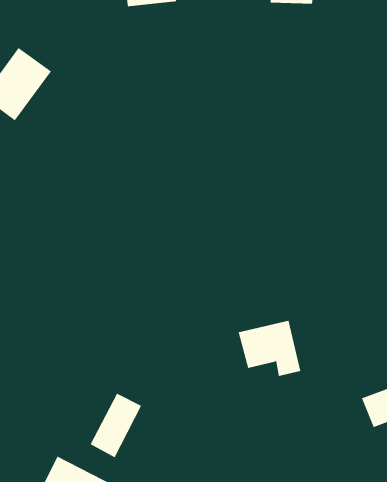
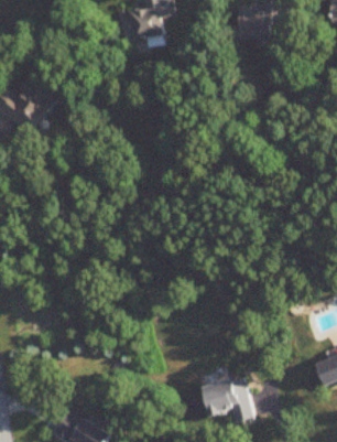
building: [238,320,301,377] -> [200,376,252,422]
building: [90,393,142,458] -> none

